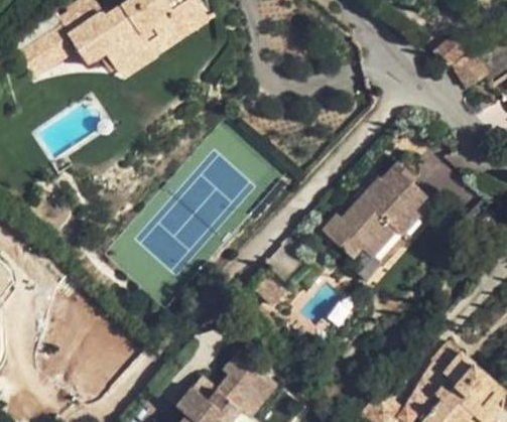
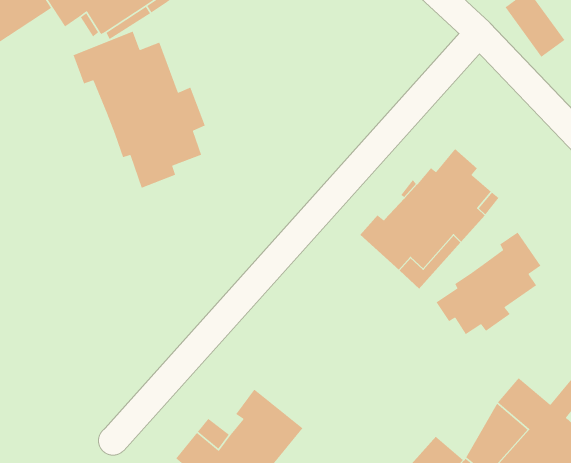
building: none -> [73,31,206,189]
building: none -> [435,231,541,335]

